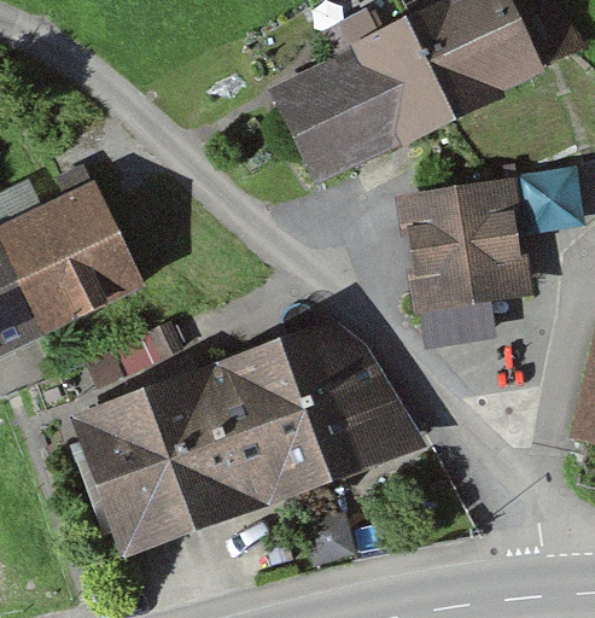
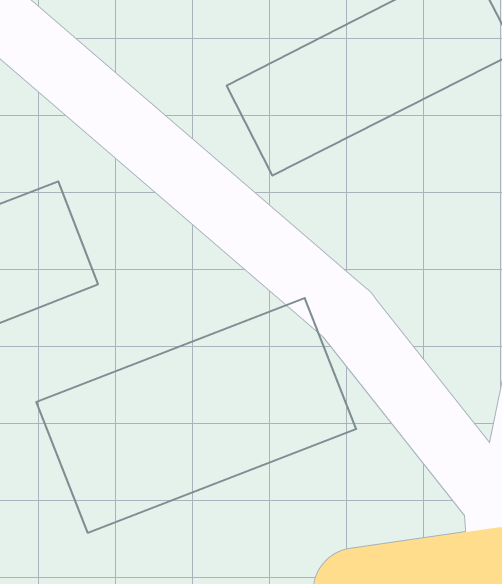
building: [401,181,539,317] -> none

